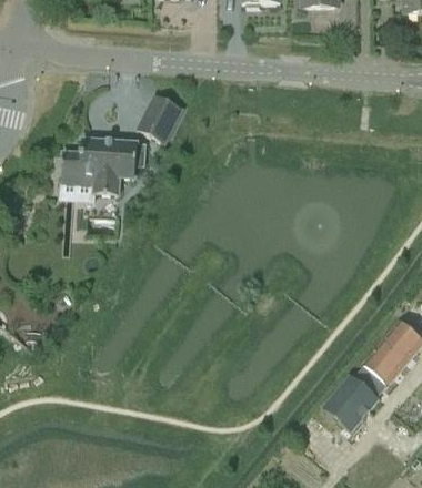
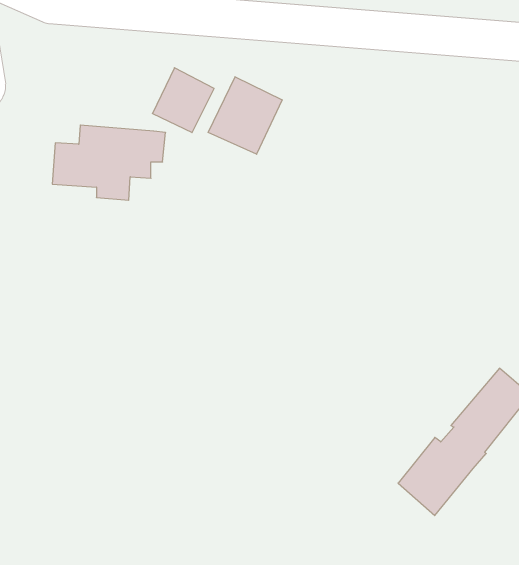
building: none -> [208,77,282,154]

